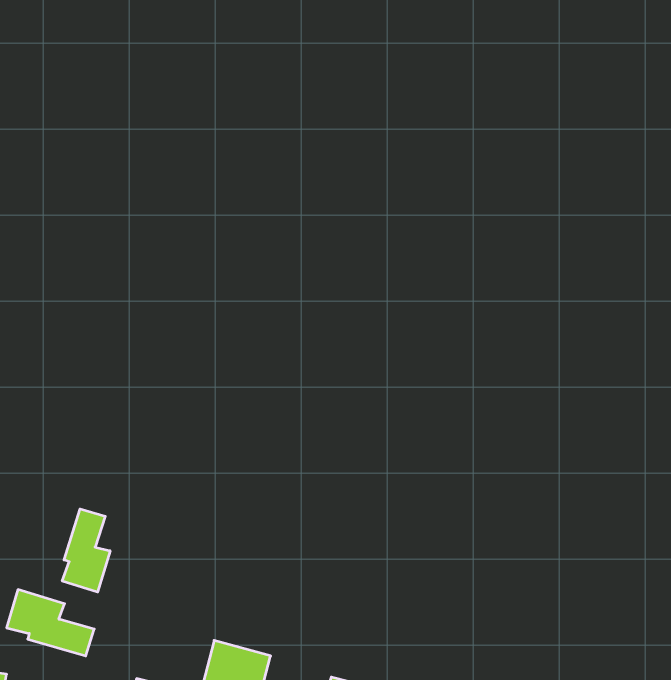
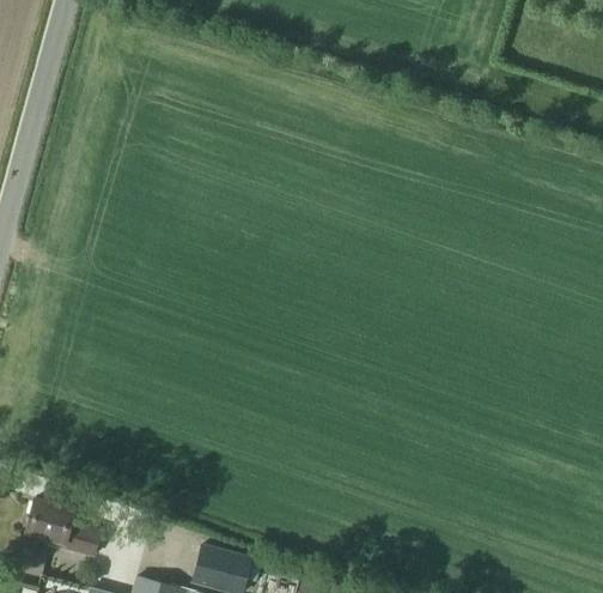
building: [62,509,110,592] -> none

